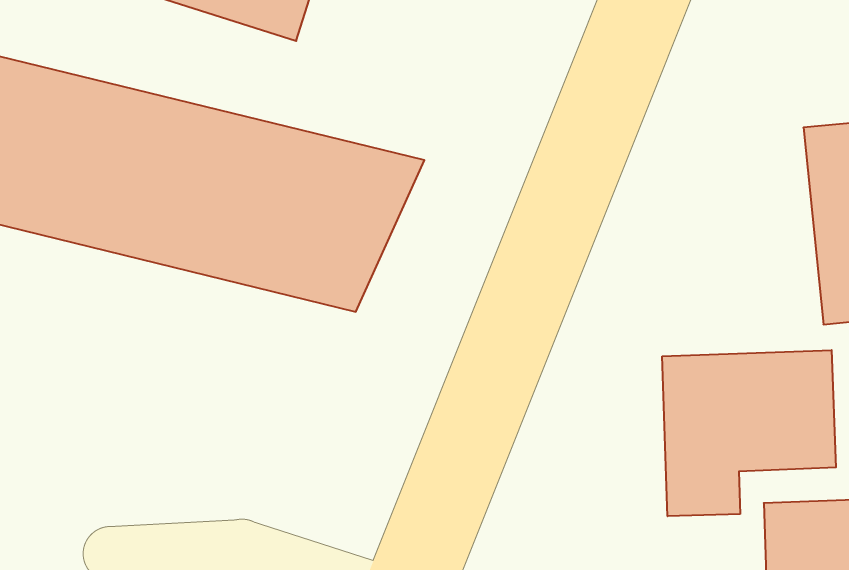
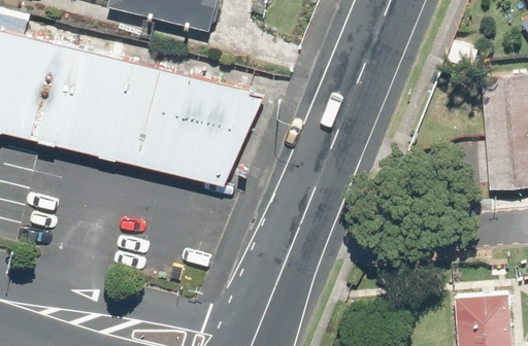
building: [662,350,836,516] -> none

